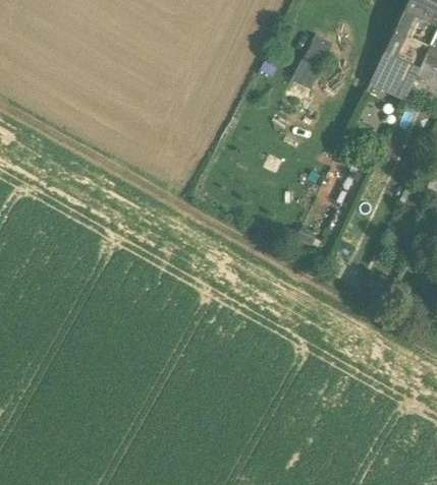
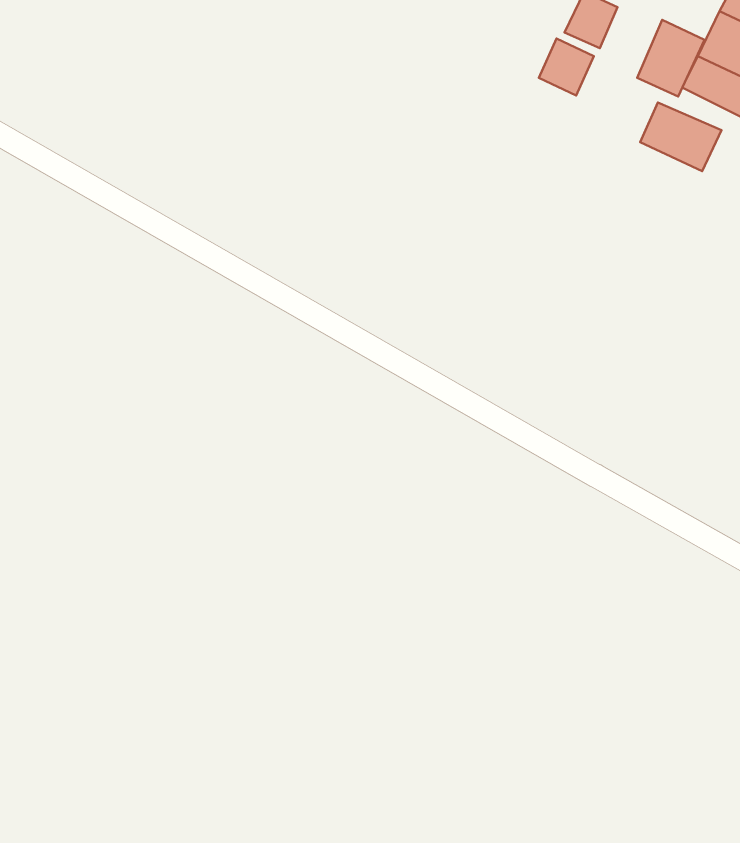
building: none -> [637,20,705,96]
building: none -> [640,103,721,171]

